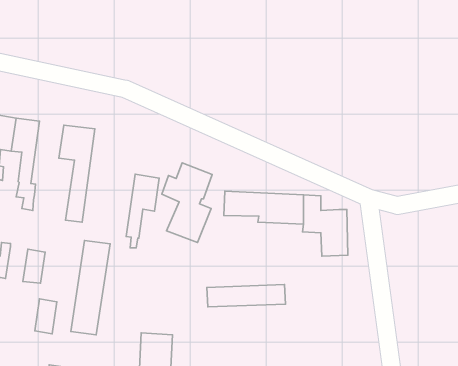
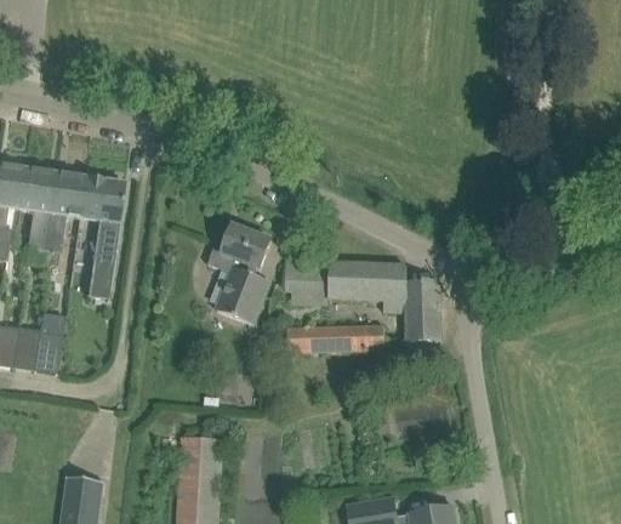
building: [126,174,159,248] -> [44,170,85,262]
building: [71,241,110,335] -> none
building: [207,285,285,307] -> [286,323,384,351]
building: [35,299,57,334] -> [12,326,40,370]

